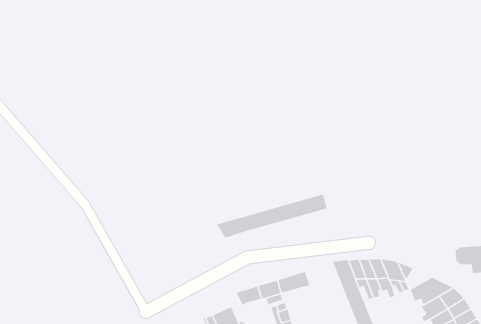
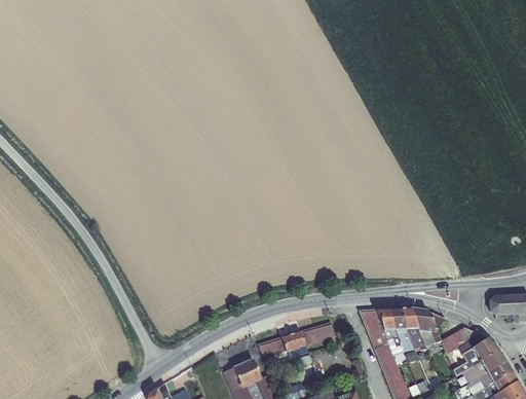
building: [216,193,328,239] -> none

